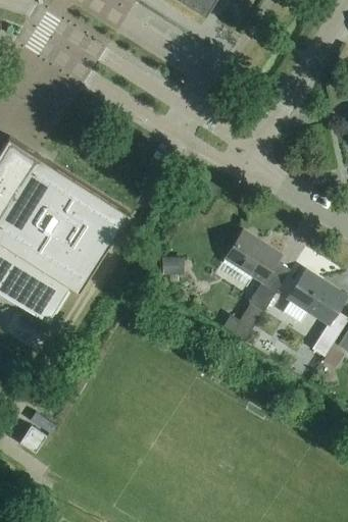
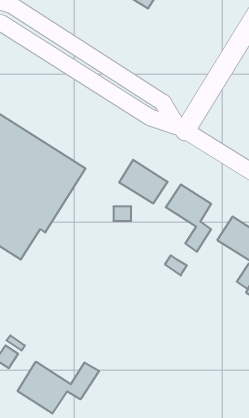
building: none -> [119,160,168,204]
building: none -> [18,362,99,414]

